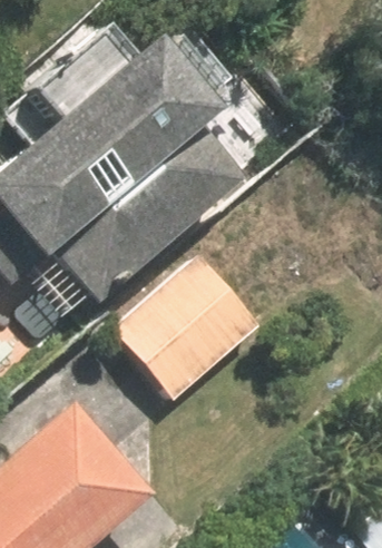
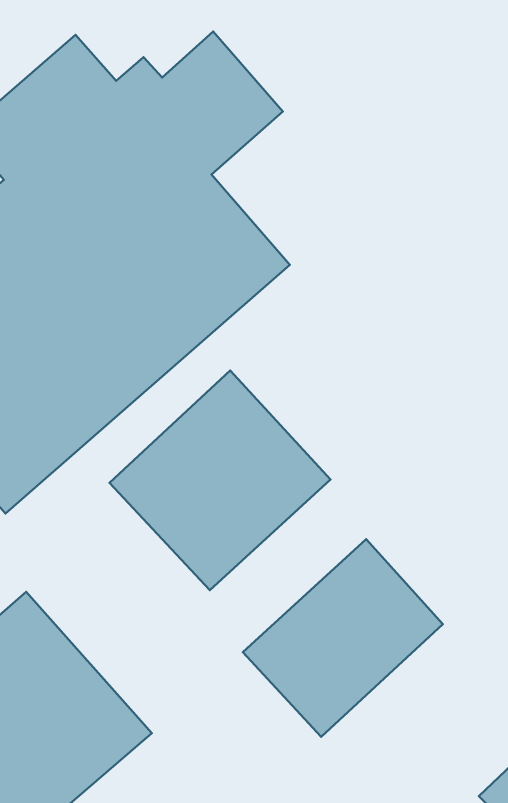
building: none -> [243,539,443,737]

